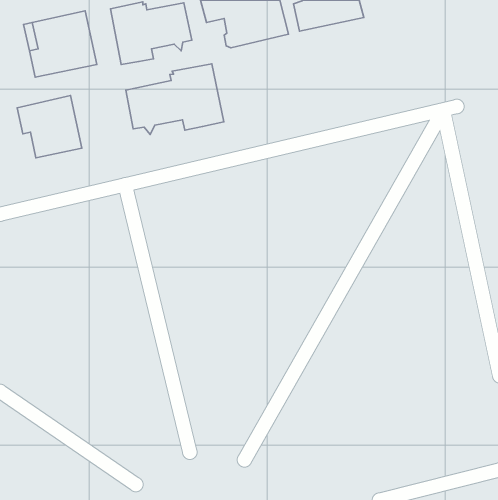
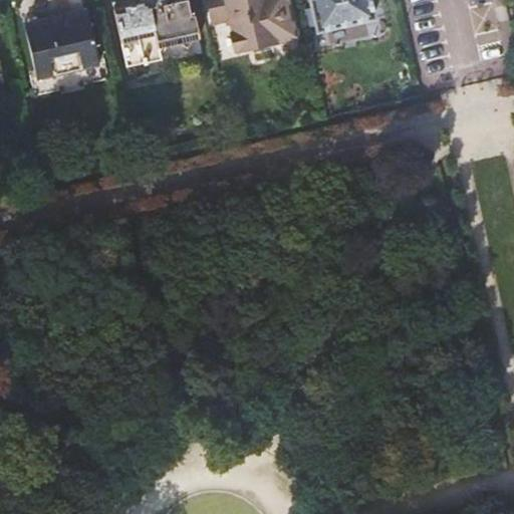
building: [126,64,224,135] -> none
building: [17,96,82,158] -> none

